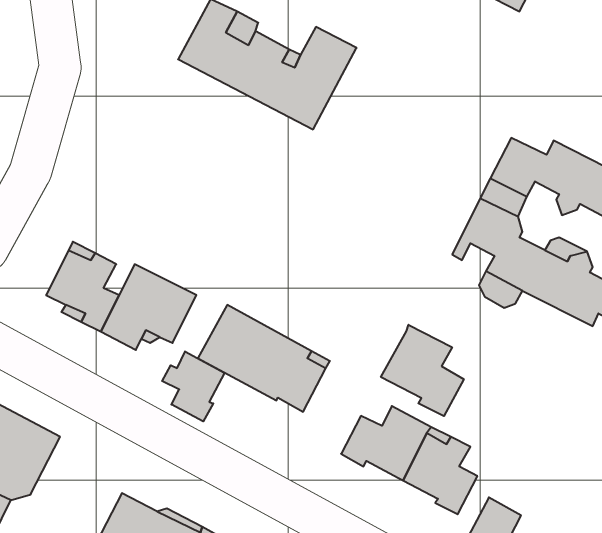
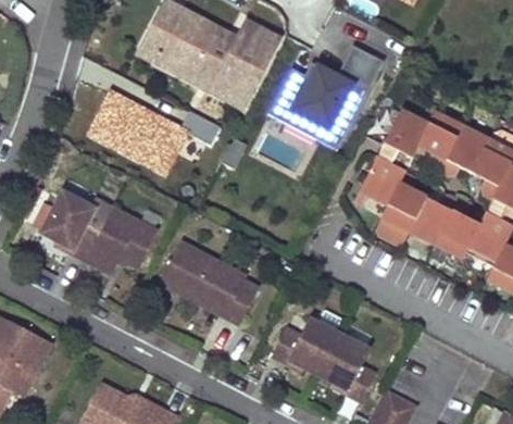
building: none -> [275,46,384,150]
building: none -> [84,89,222,179]
building: [381,325,464,416] -> none
building: [162,351,224,421] -> none

